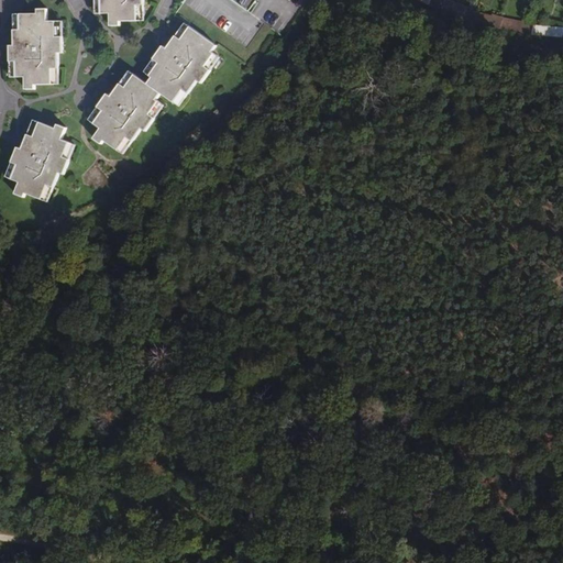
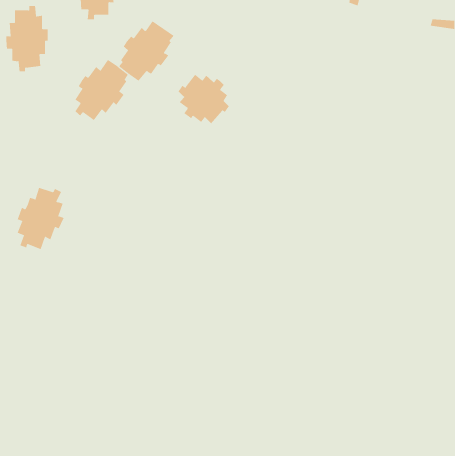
building: none -> [178,74,230,124]
building: [10,121,68,198] -> [17,187,64,250]

